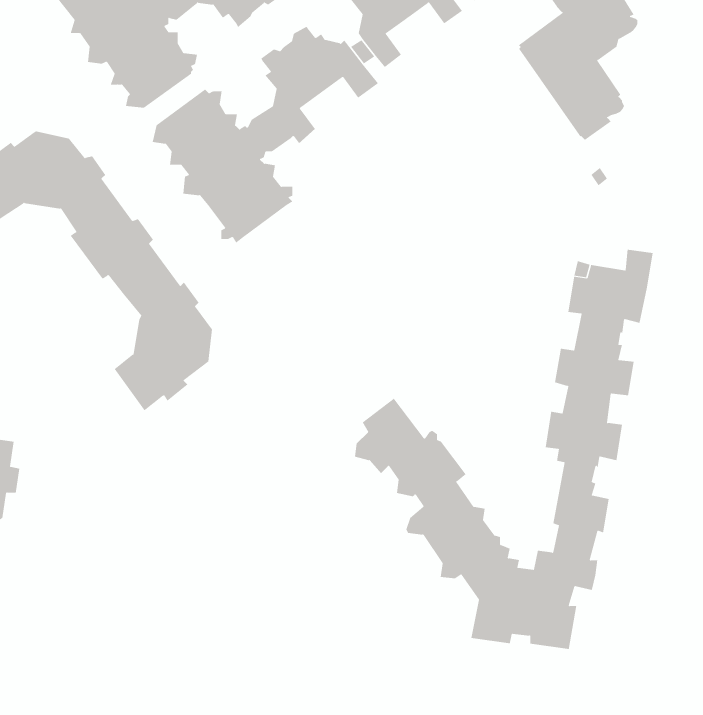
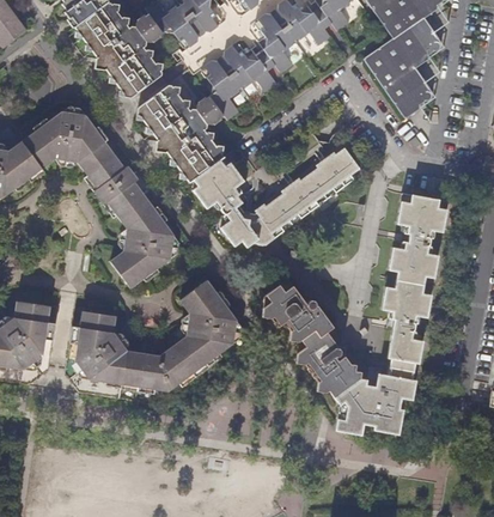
building: none -> [193,147,366,245]
building: none -> [69,280,236,390]

